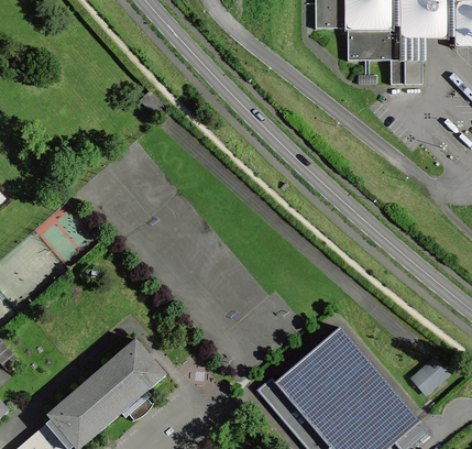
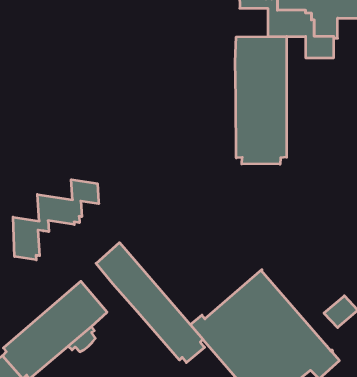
building: none -> [235,36,287,164]
building: none -> [13,180,99,260]
building: none -> [96,243,205,363]

